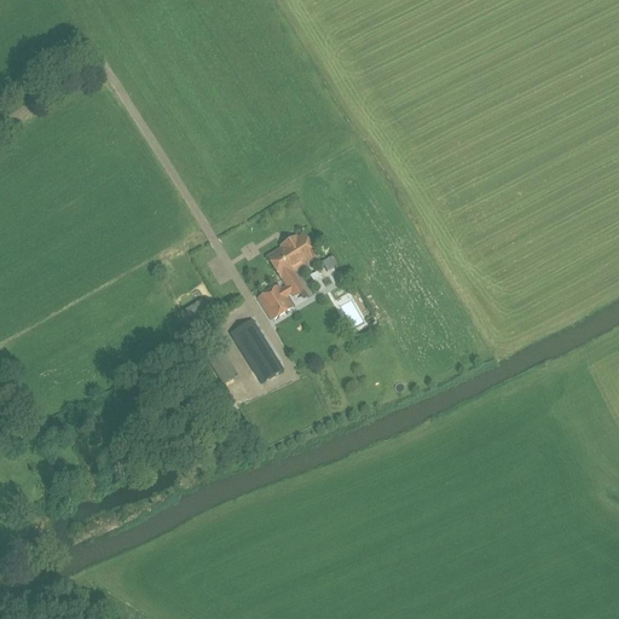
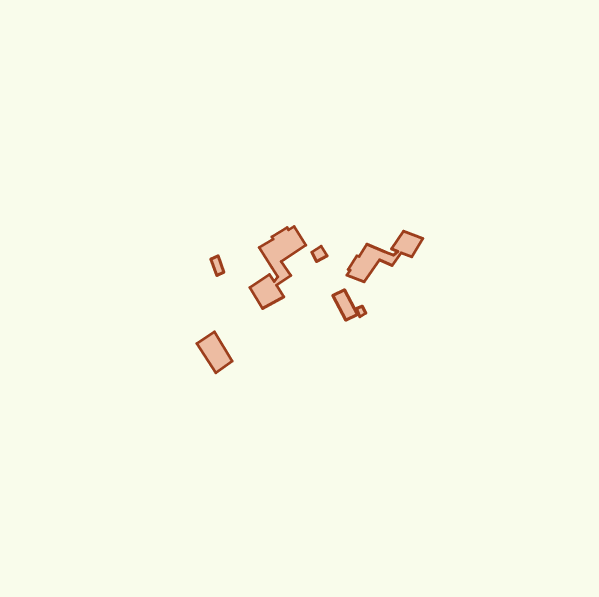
building: none -> [347,231,423,282]
building: [230,319,283,382] -> none

